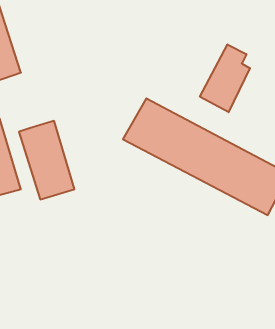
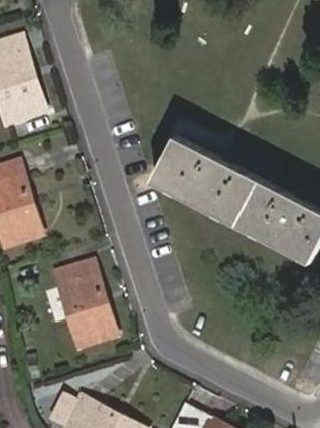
building: [200,44,250,112] -> none
building: [19,121,74,199] -> [50,261,111,347]

